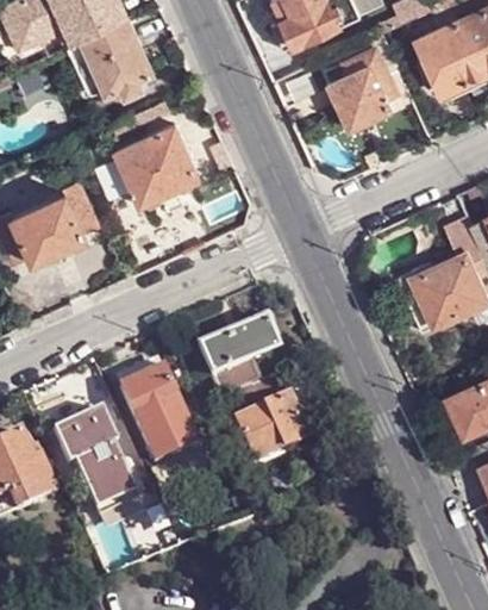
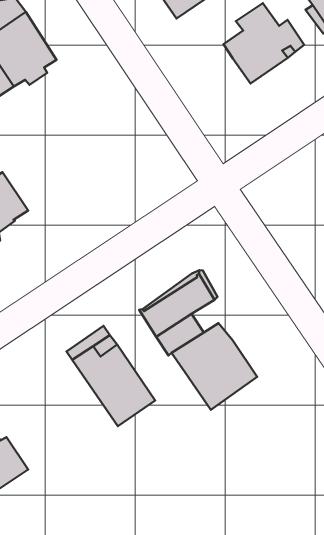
building: [113,120,198,201] -> none
building: [51,405,134,510] -> none

